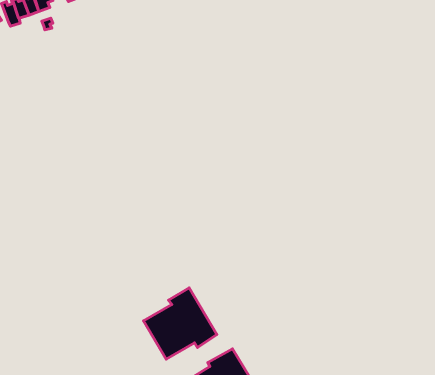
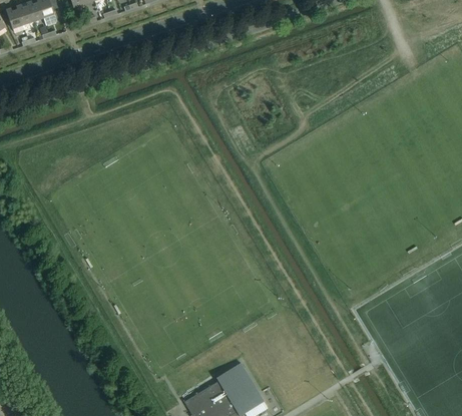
building: [143,288,217,359] -> none

